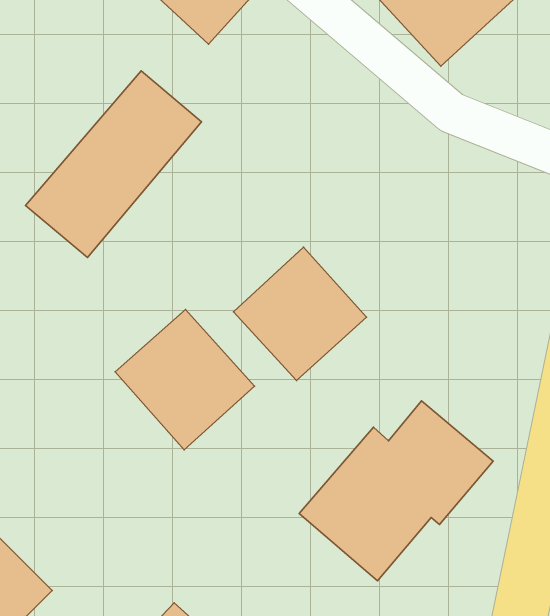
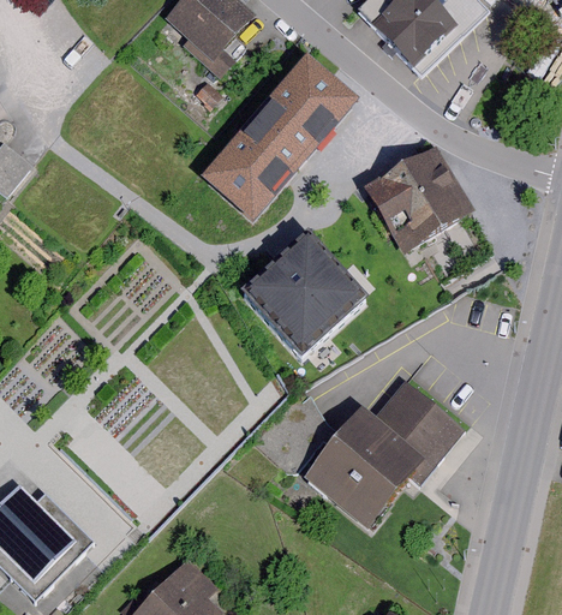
building: [26,71,201,258] -> [196,53,349,216]
building: none -> [357,151,476,255]
building: [115,310,255,450] -> none

